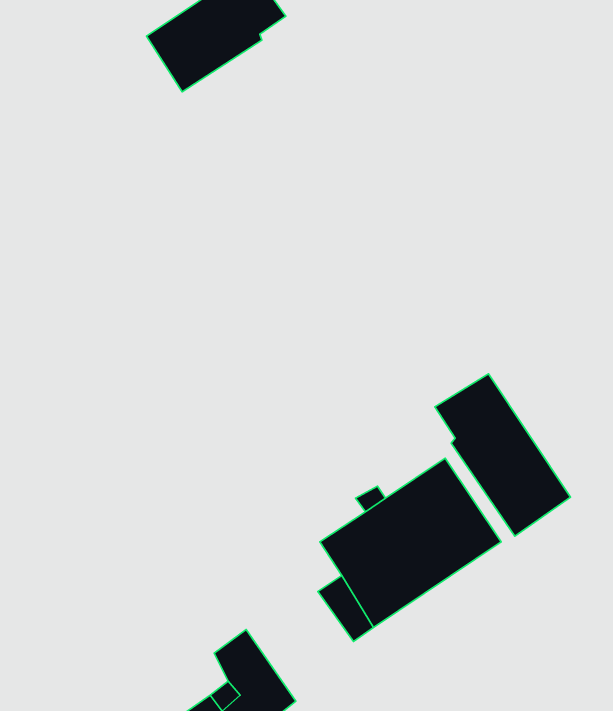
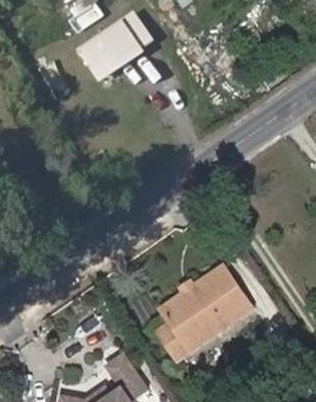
building: [435,374,571,536] -> none

